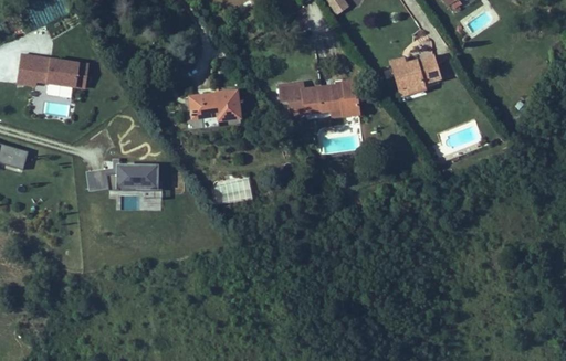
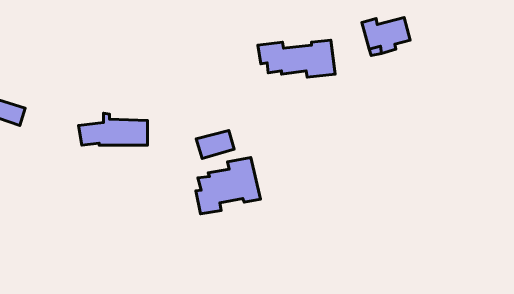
building: [18,53,88,88] -> none
building: [188,88,240,120] -> none
building: none -> [196,157,260,214]

